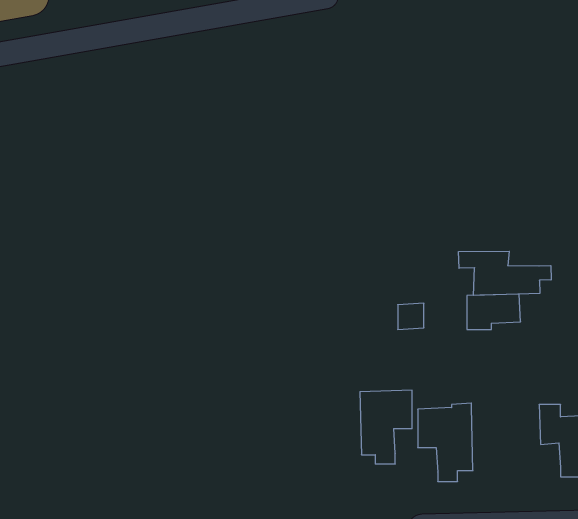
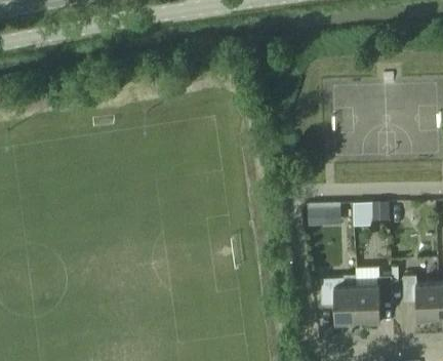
building: [459,251,551,295] -> none
building: [360,390,412,464] -> [357,277,392,326]

